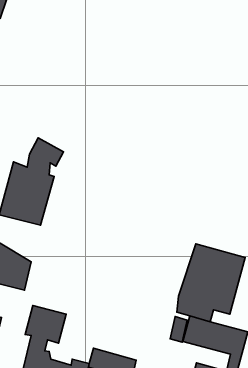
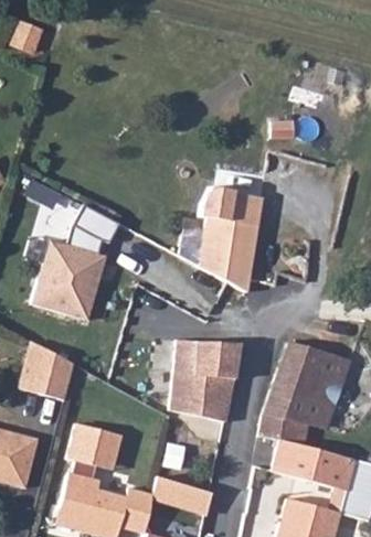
building: none -> [199,189,264,293]
building: none -> [172,339,241,422]

